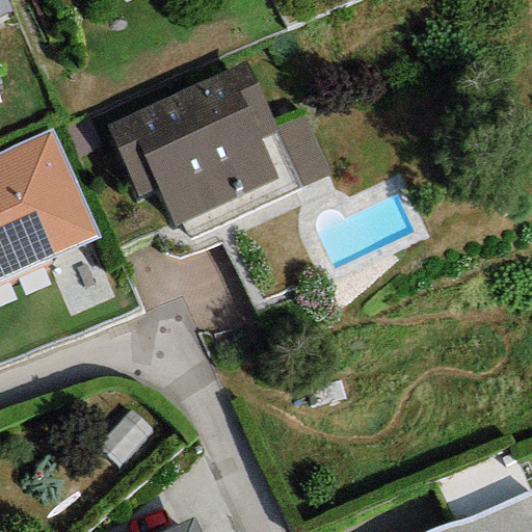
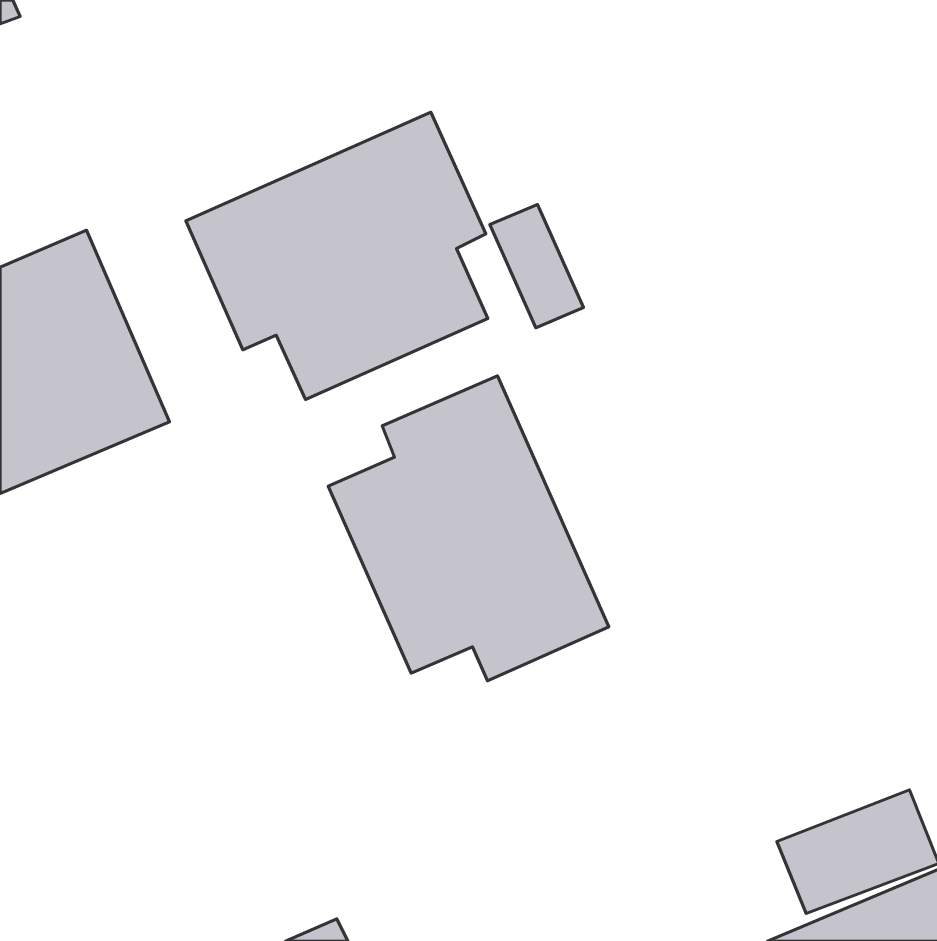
building: none -> [328,376,609,681]

